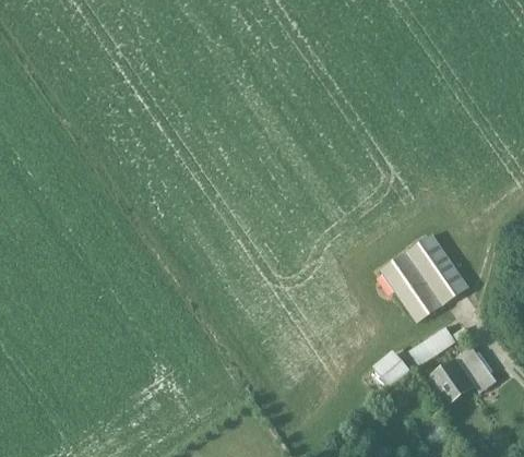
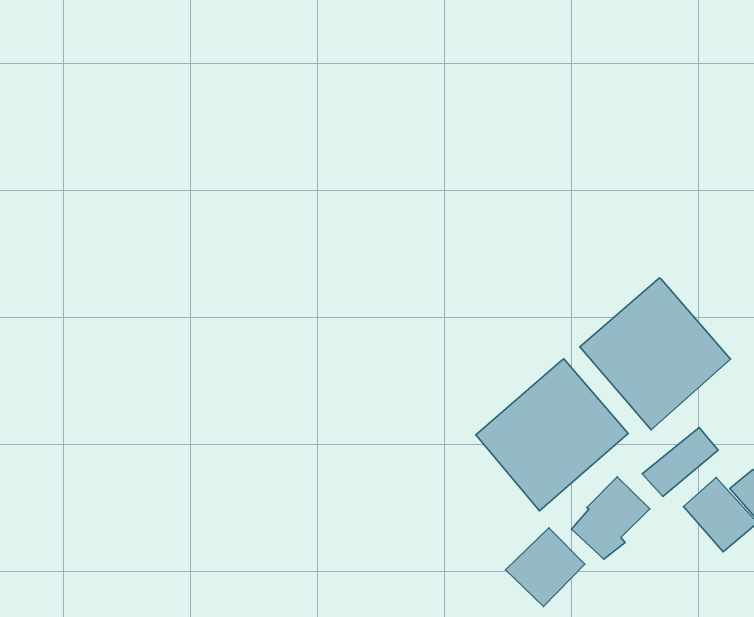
building: none -> [476,359,628,511]
building: none -> [505,528,585,606]

